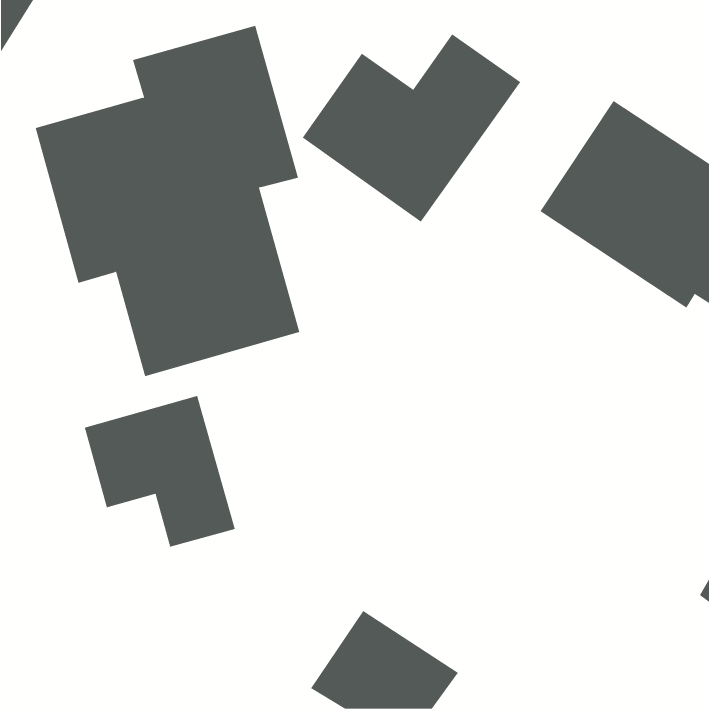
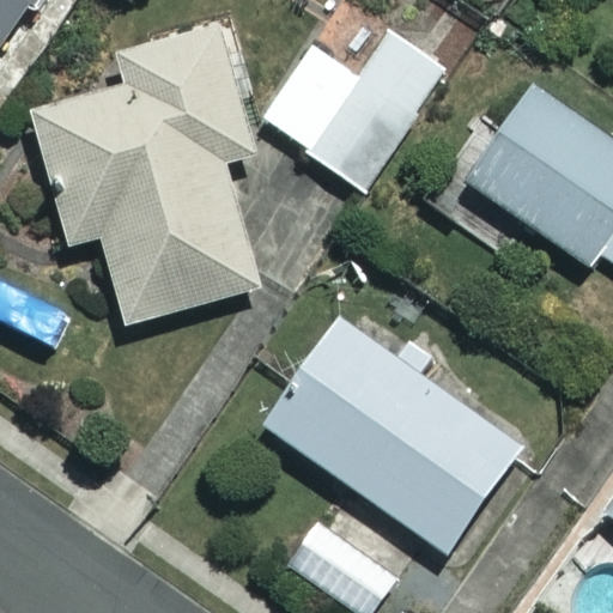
building: none -> [265,320,520,552]
building: [84,395,236,548] -> none

